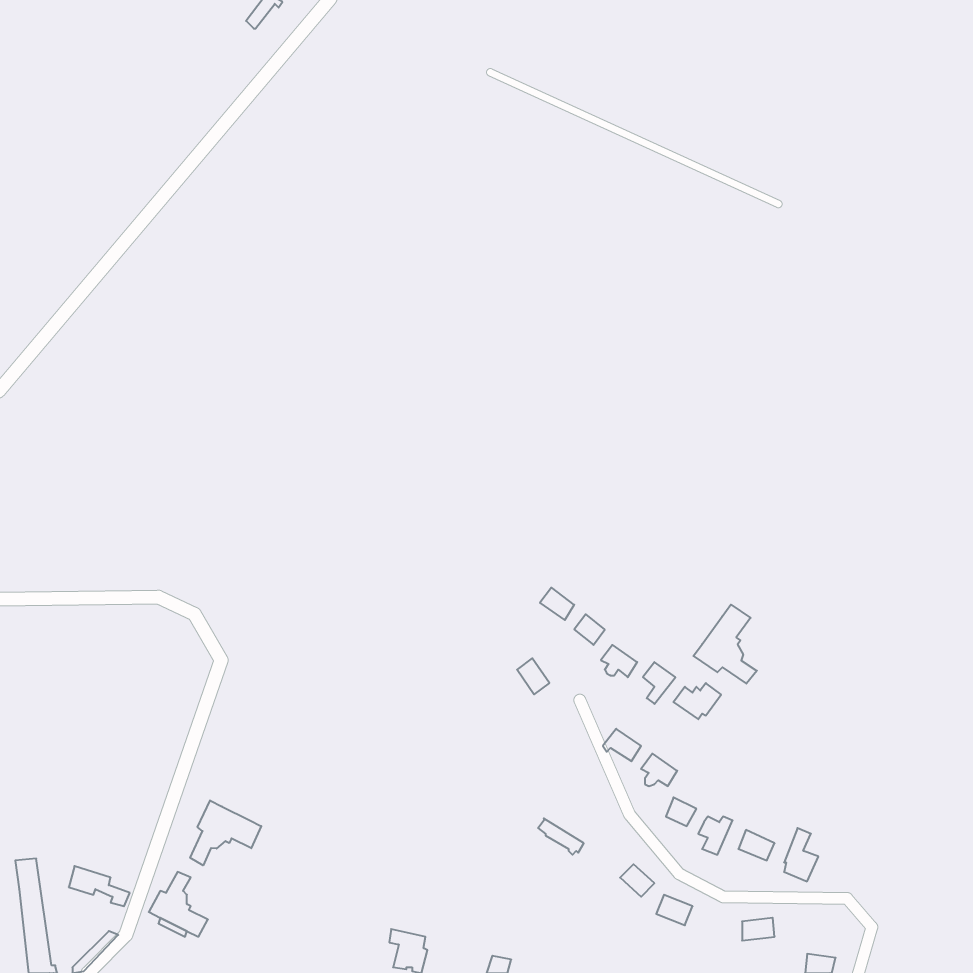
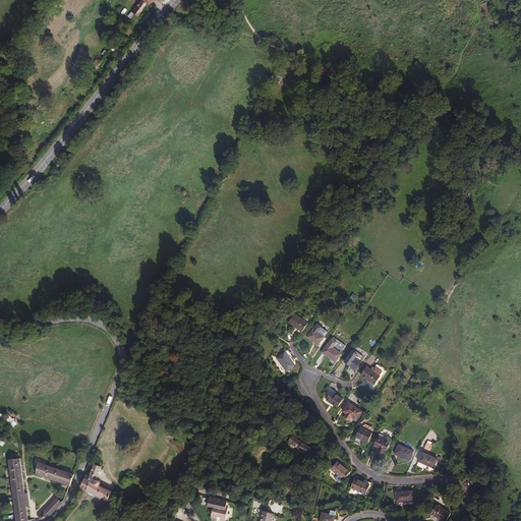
building: [693,605,757,684] -> none
building: [190,800,261,865] -> none

